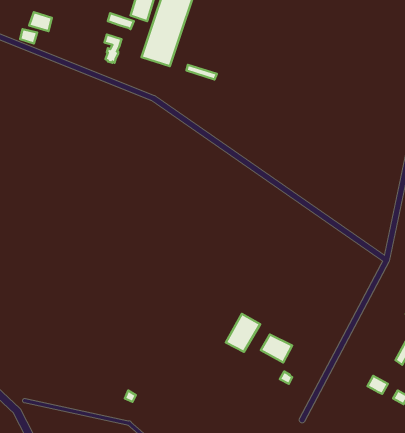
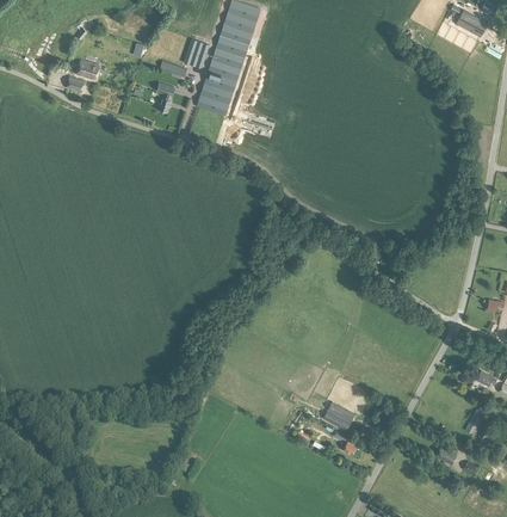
building: [226,314,260,352] -> none

